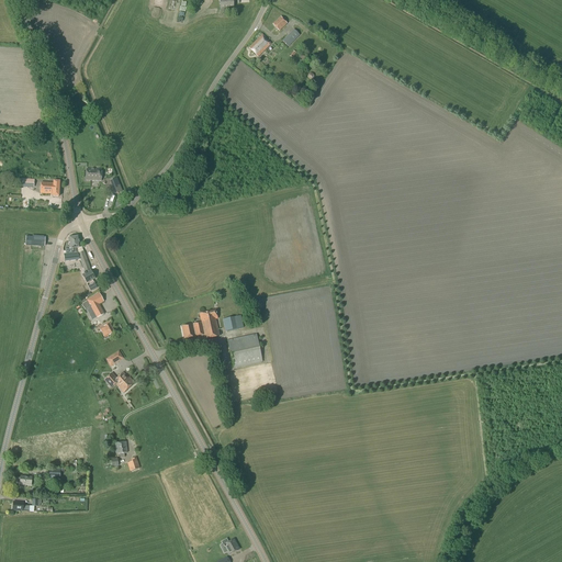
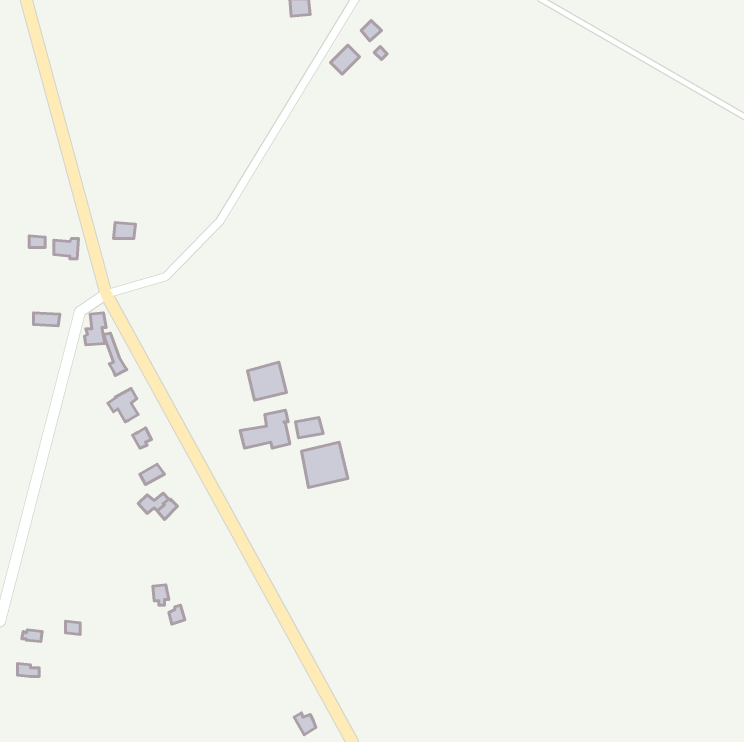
building: none -> [247,362,286,400]

